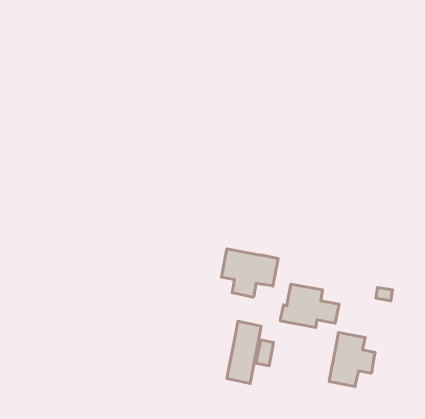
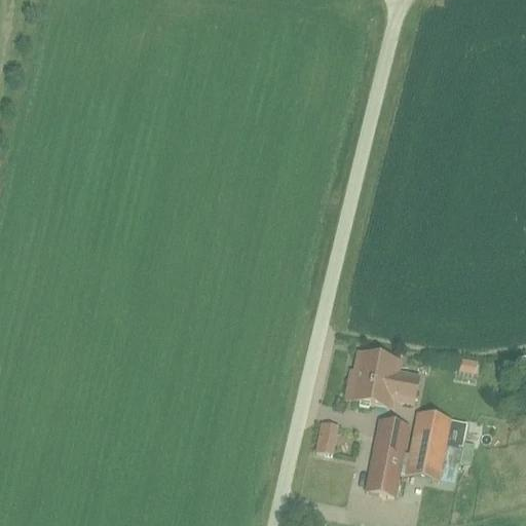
building: [221,249,278,297] -> none
building: [227,321,261,384] -> [367,416,409,493]

